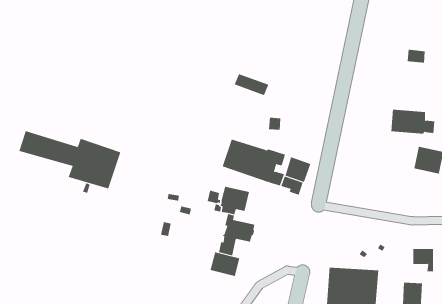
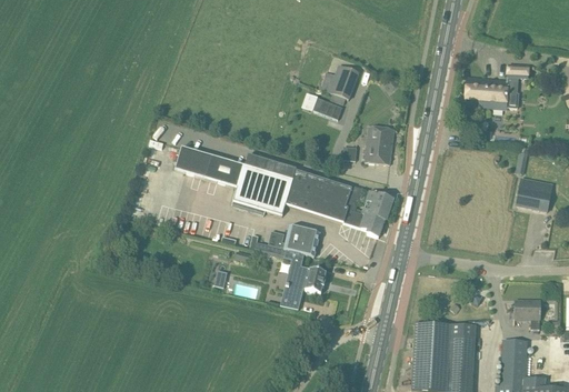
building: none -> [325,64,362,102]
building: none -> [365,125,395,164]
building: [390,109,435,134] -> [466,79,519,109]
building: [19,131,121,189] -> [176,144,298,214]
building: [210,252,240,277] -> none

